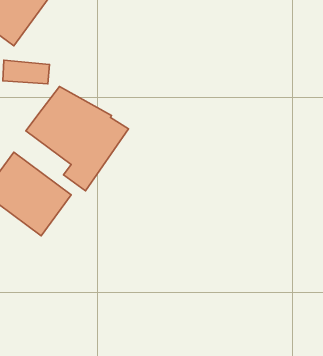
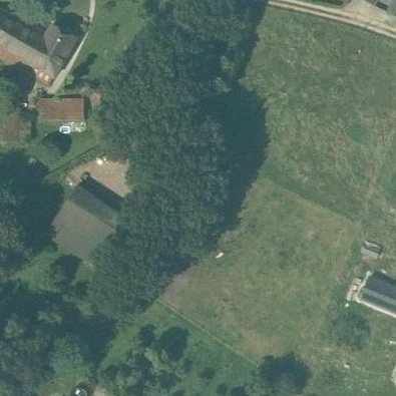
building: [26,86,128,191] -> none

